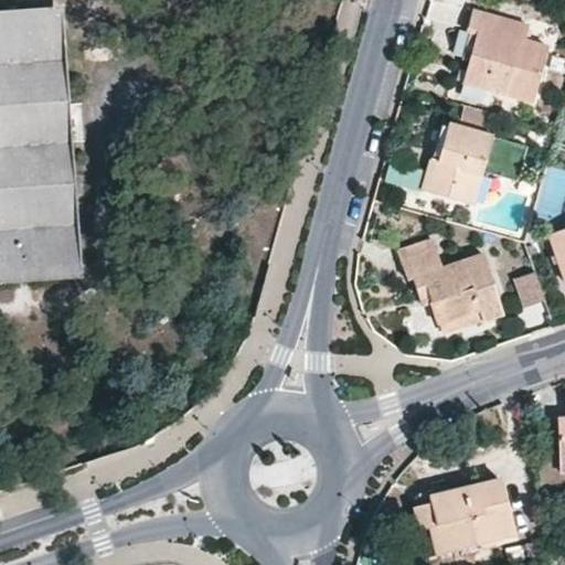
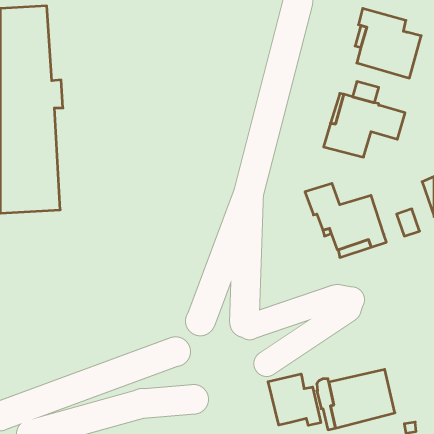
building: none -> [268,374,321,425]

